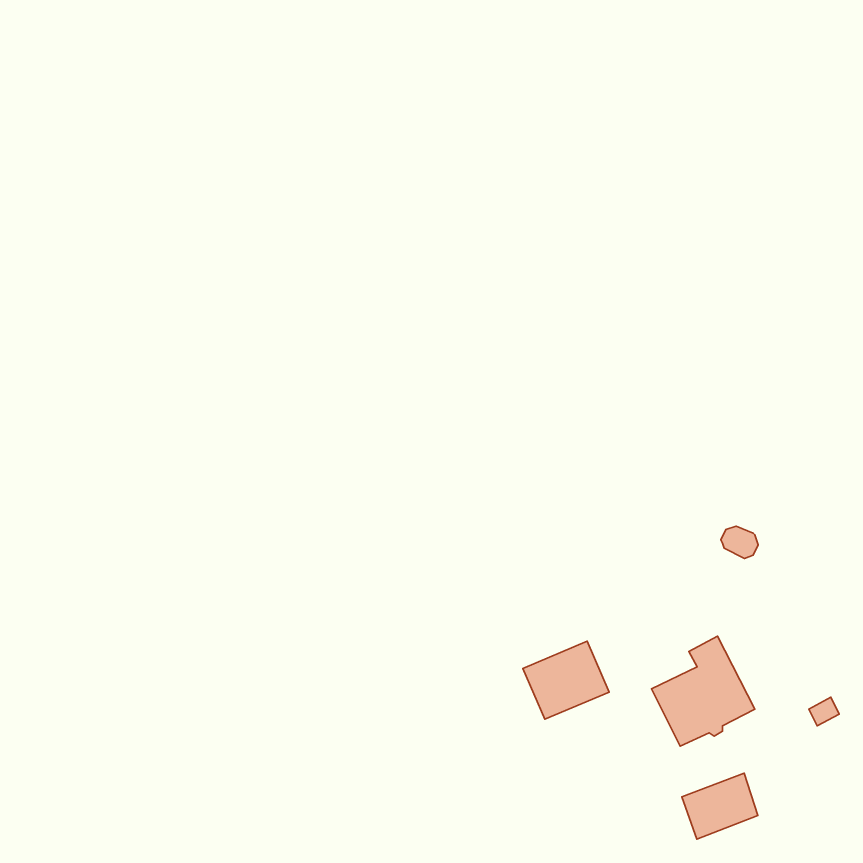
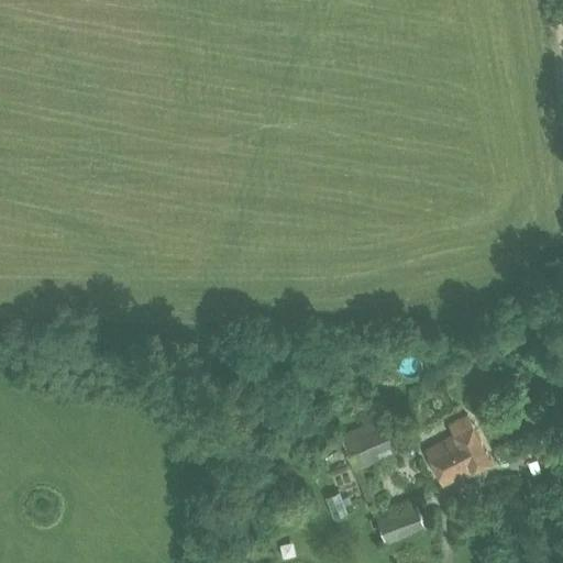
building: [682,773,758,839] -> [375,500,424,543]

